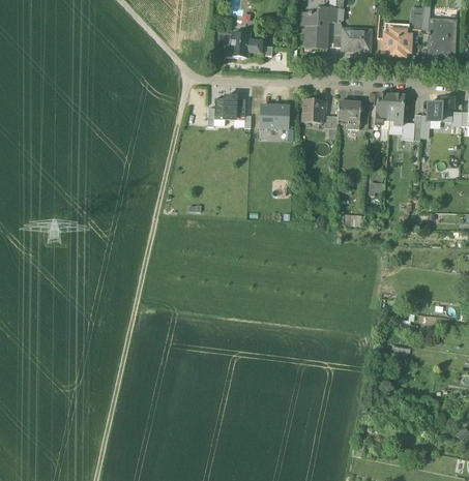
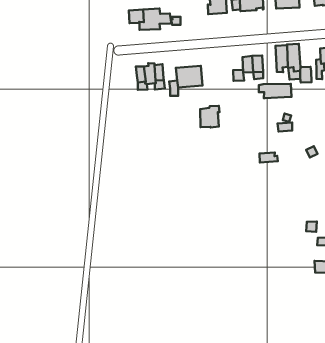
building: [302,97,326,122] -> [200,106,220,128]
building: none -> [259,84,292,98]

